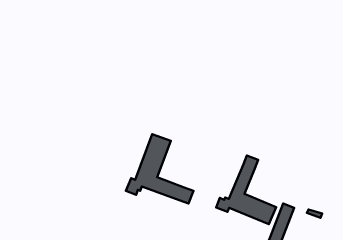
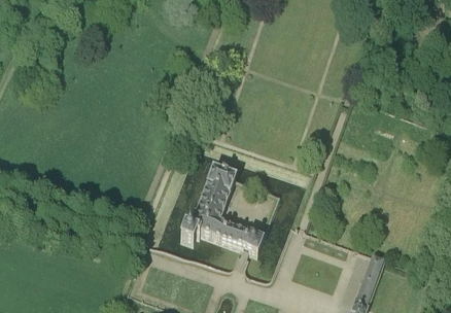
building: [216,156,276,224] -> none

